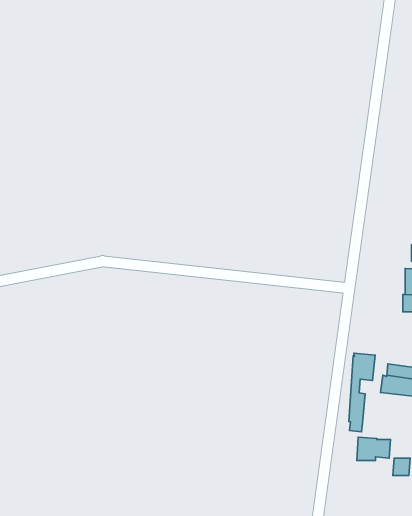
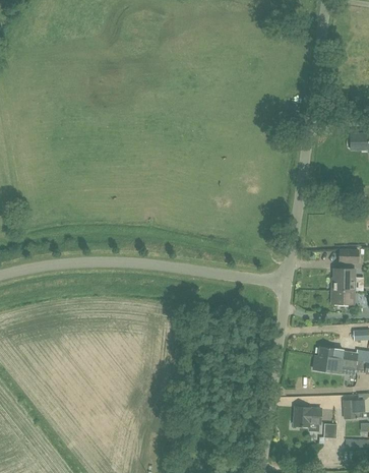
building: [349,353,375,432] -> none

